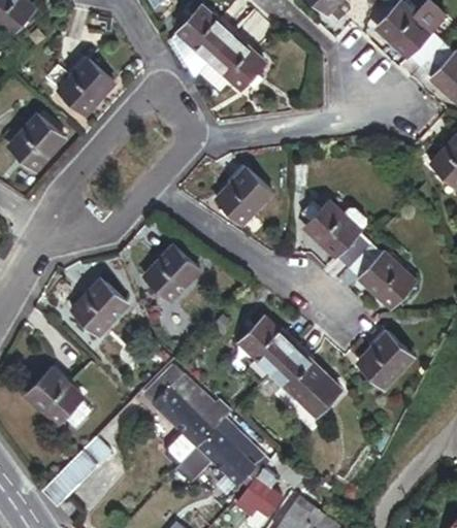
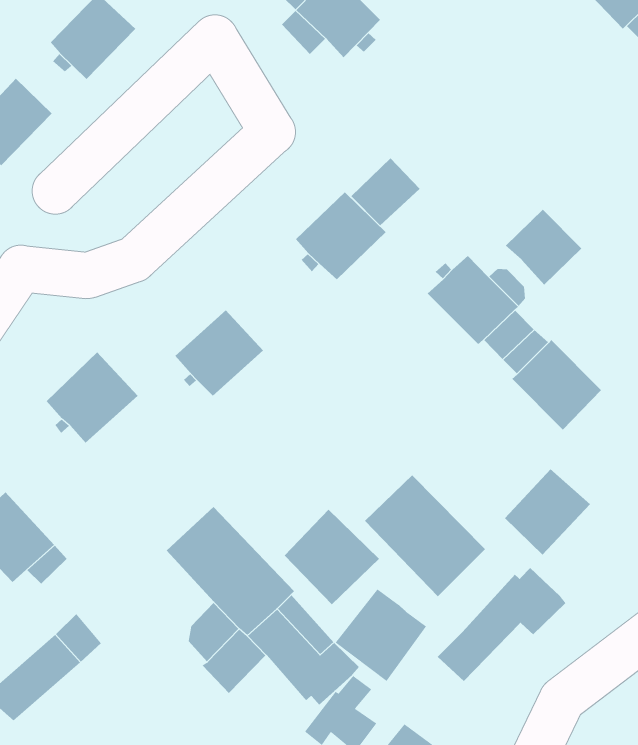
building: none -> [350,157,421,226]
building: none -> [505,209,582,285]
building: [238,314,297,372] -> [284,509,380,605]
building: none -> [437,567,566,682]
building: none -> [335,589,427,682]

